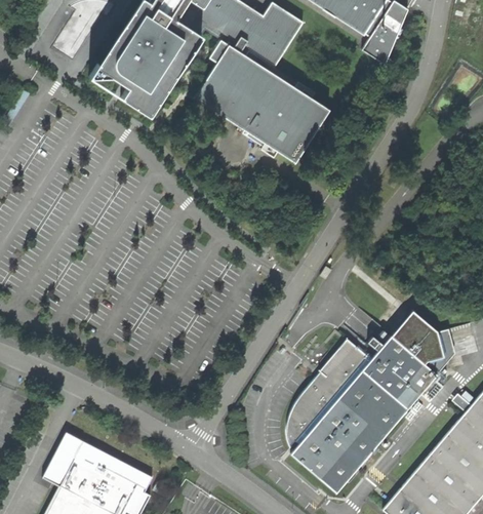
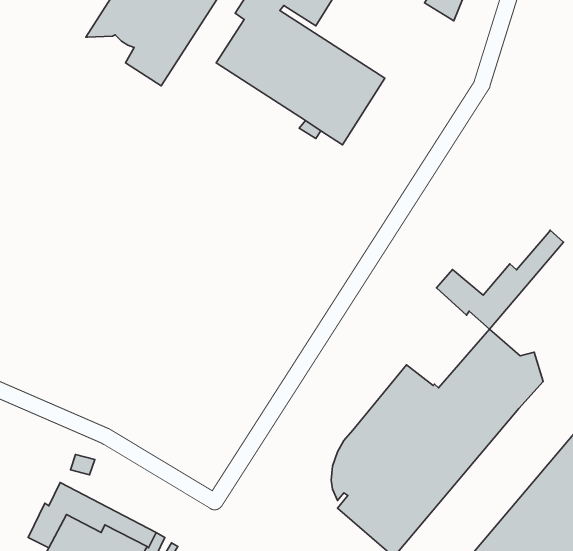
building: none -> [436,230,564,329]

